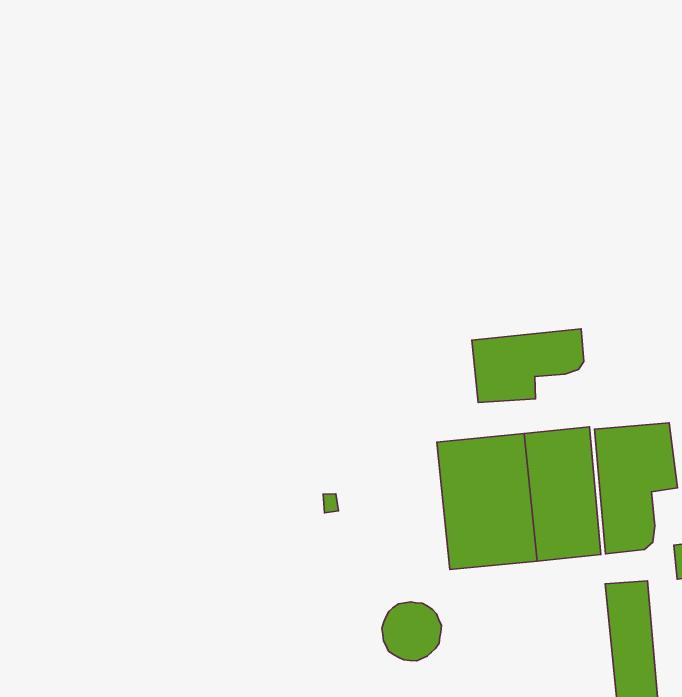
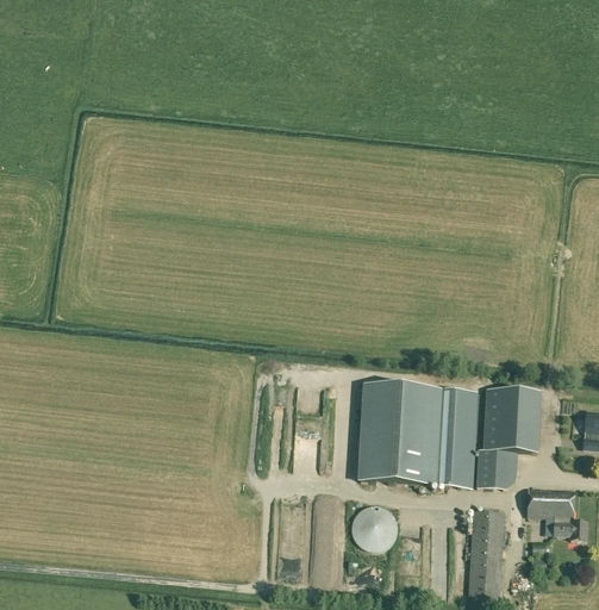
building: [472,329,584,402] -> none
building: [382,602,441,661] -> [352,505,398,550]

